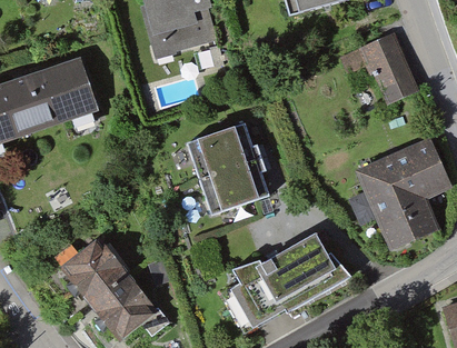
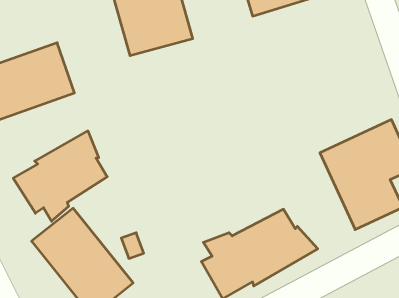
building: [362,33,421,109] -> none
building: [187,118,271,211] -> none
building: none -> [13,131,107,221]

